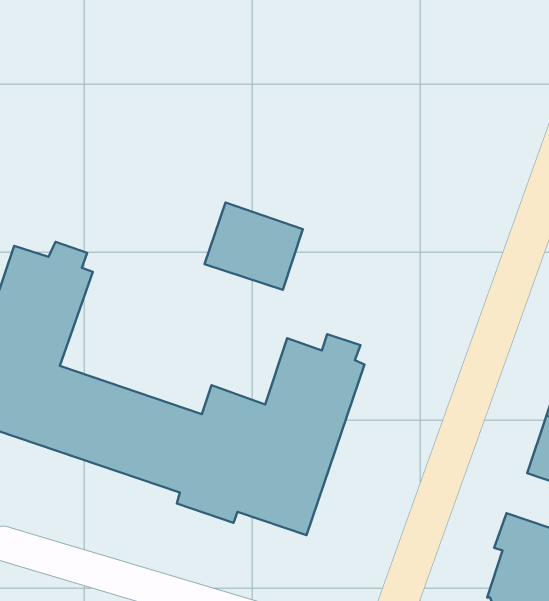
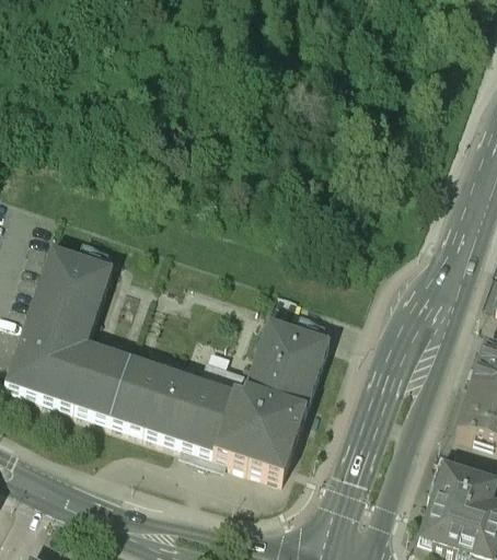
building: [205,203,303,290] -> none

